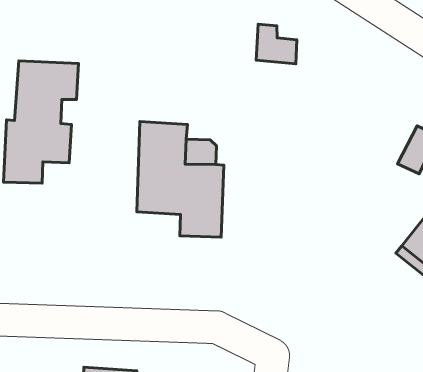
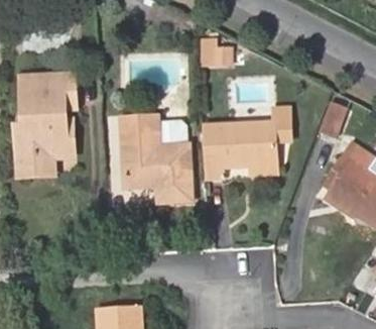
building: none -> [202,108,288,177]

